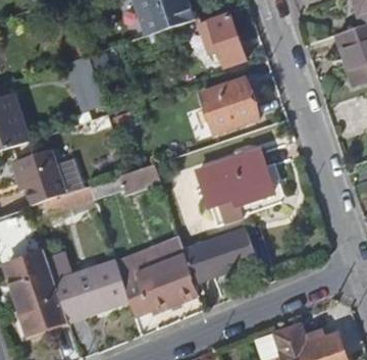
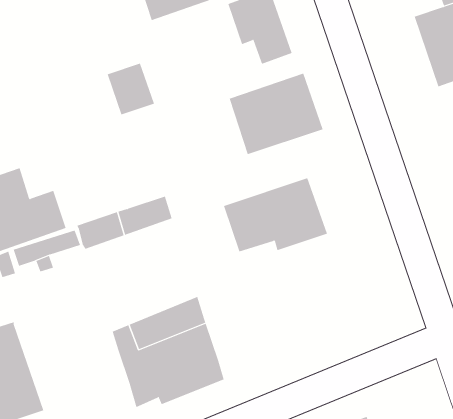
building: [62,56,97,94] -> [107,63,155,115]
building: [183,229,258,282] -> none
building: [46,250,128,320] -> none

